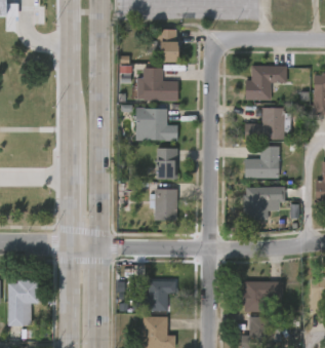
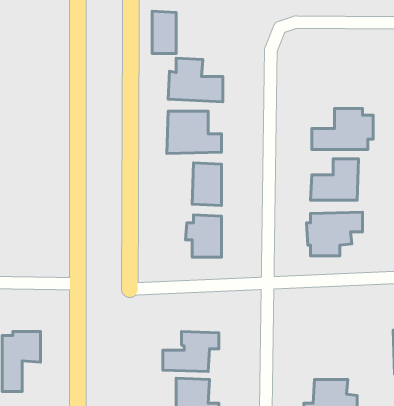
building: [156,30,174,63] -> [152,11,176,54]
building: [244,66,287,100] -> none
building: [239,280,281,311] -> none

